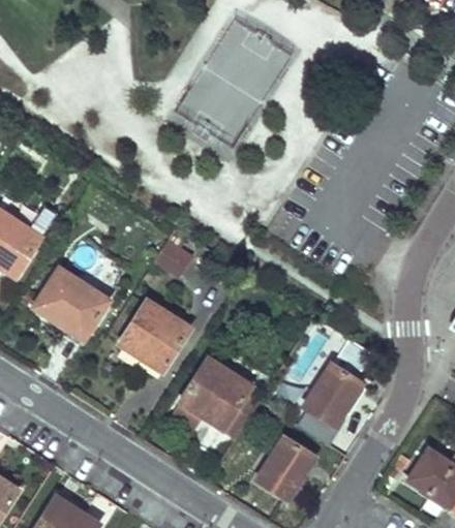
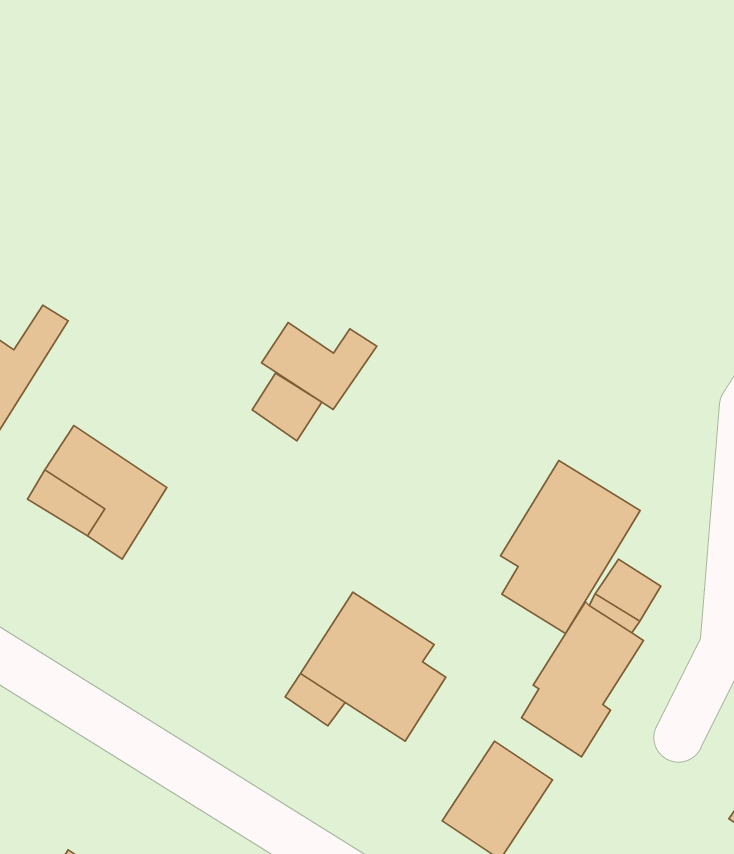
building: none -> [261,322,377,409]
building: none -> [500,461,640,634]
building: [118,301,190,372] -> none

